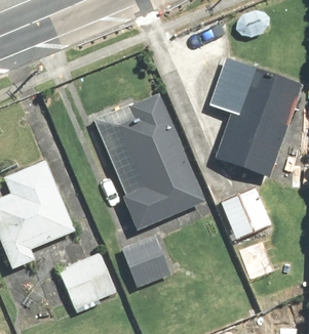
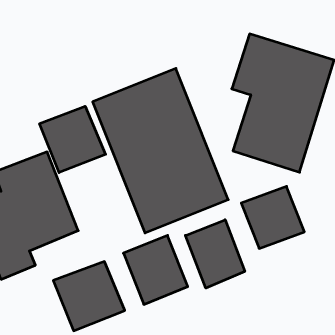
building: none -> [40,106,106,173]
building: none -> [185,220,245,288]

